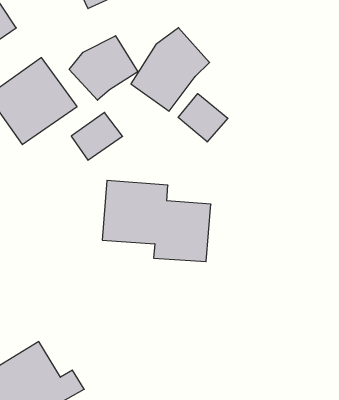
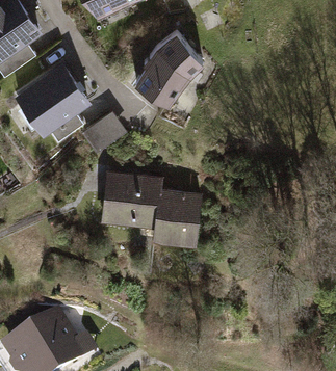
building: [69,36,138,100] -> none
building: [178,94,228,142] -> none

